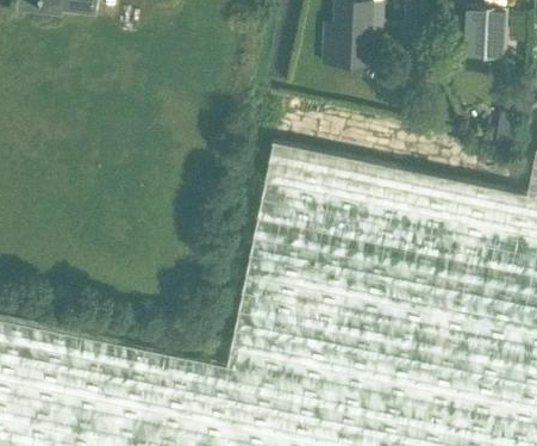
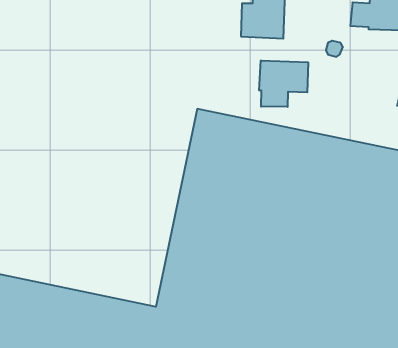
building: none -> [259,60,308,107]

